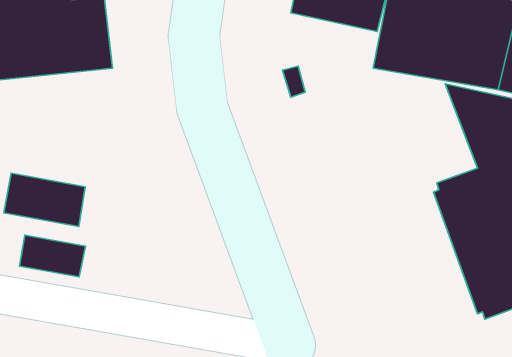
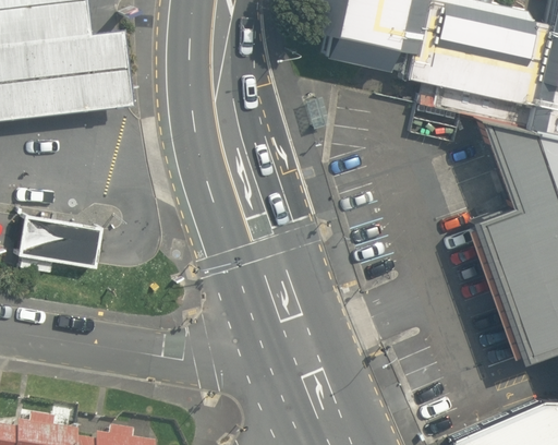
building: [19,235,85,277] -> none

